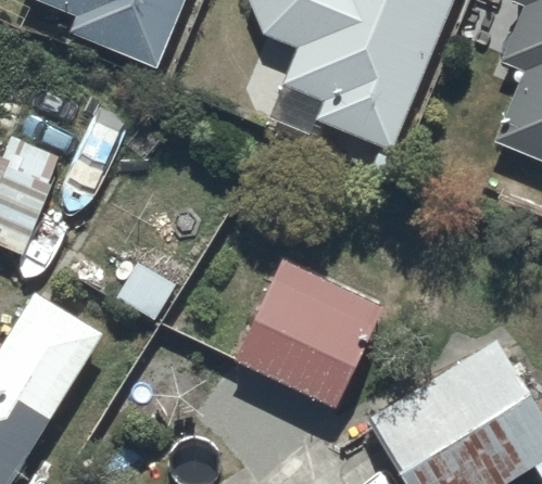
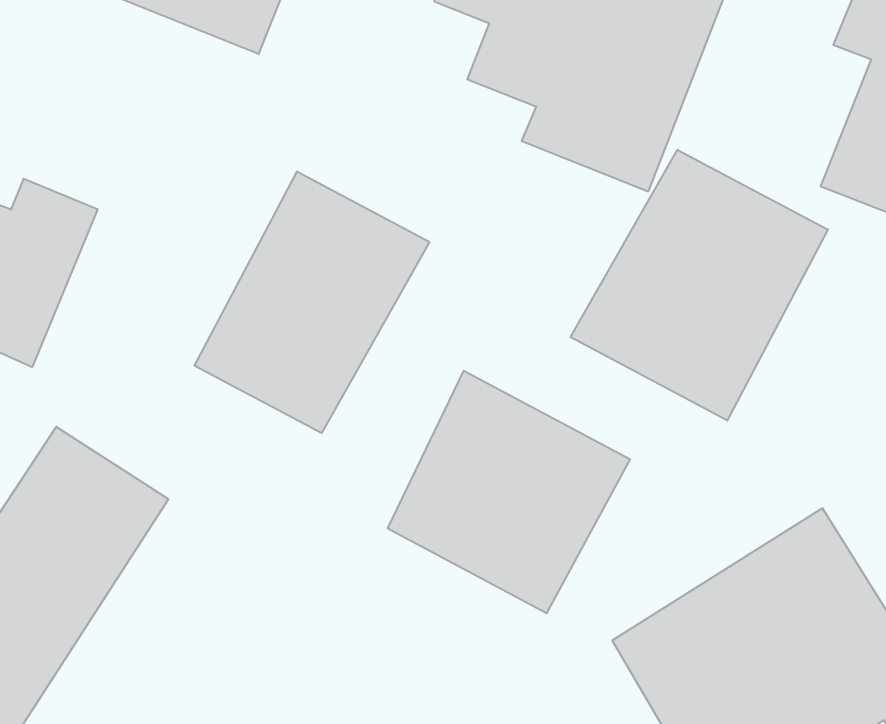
building: none -> [570,150,828,421]
building: none -> [195,171,429,433]

